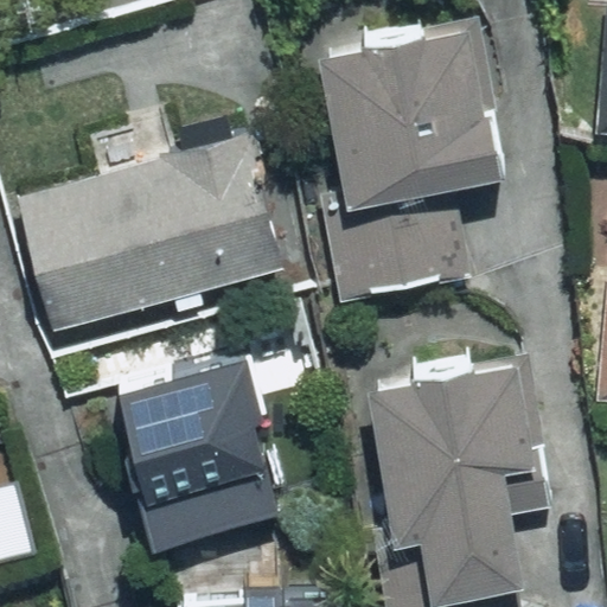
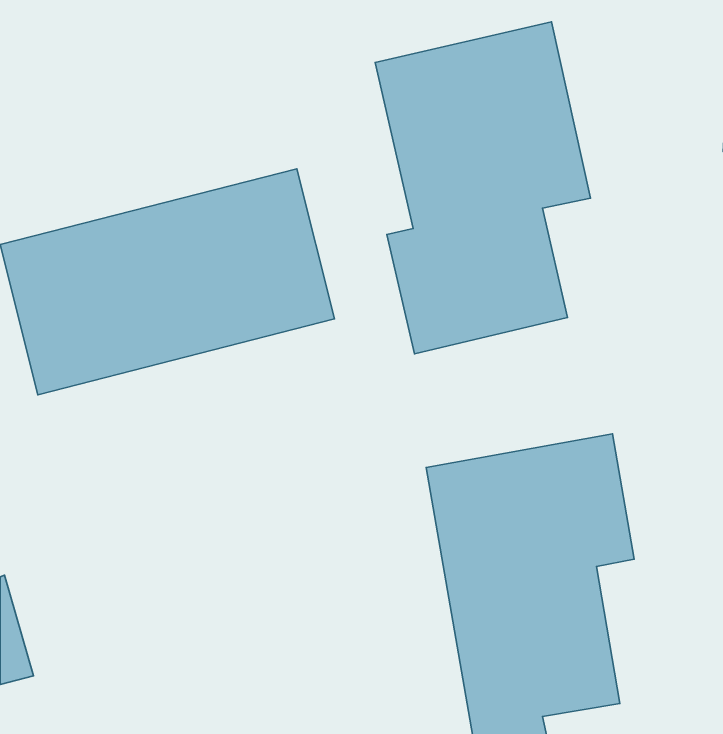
building: [110,357,300,586] -> none

